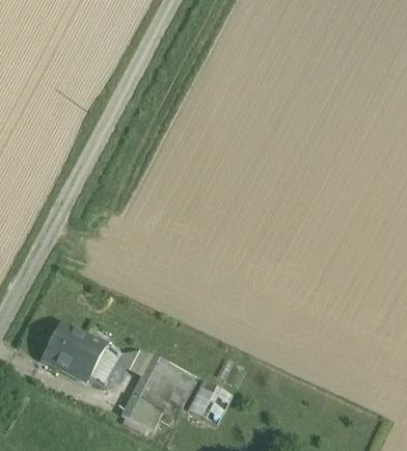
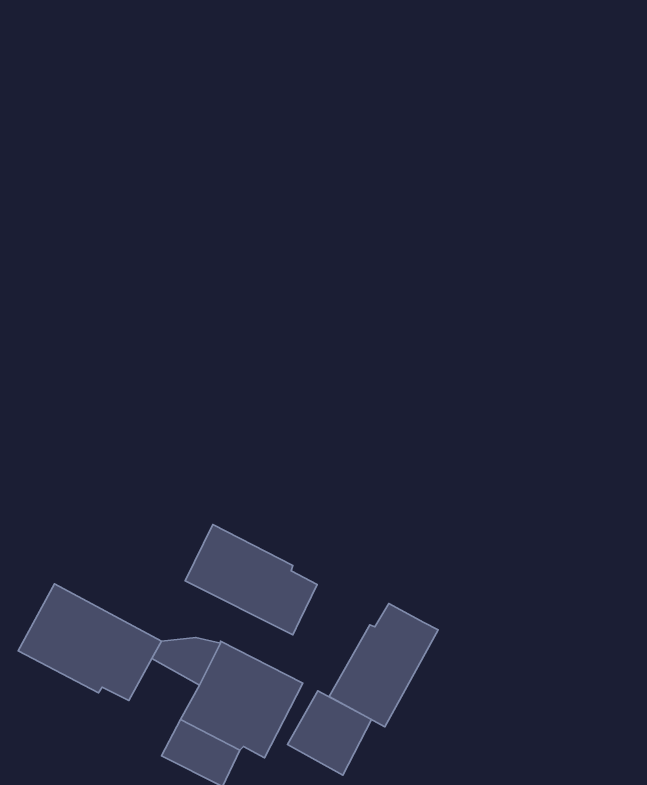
building: none -> [185,524,317,635]
building: none -> [329,603,438,727]

